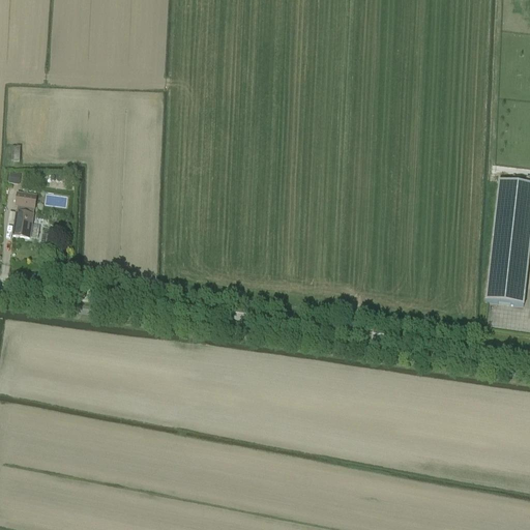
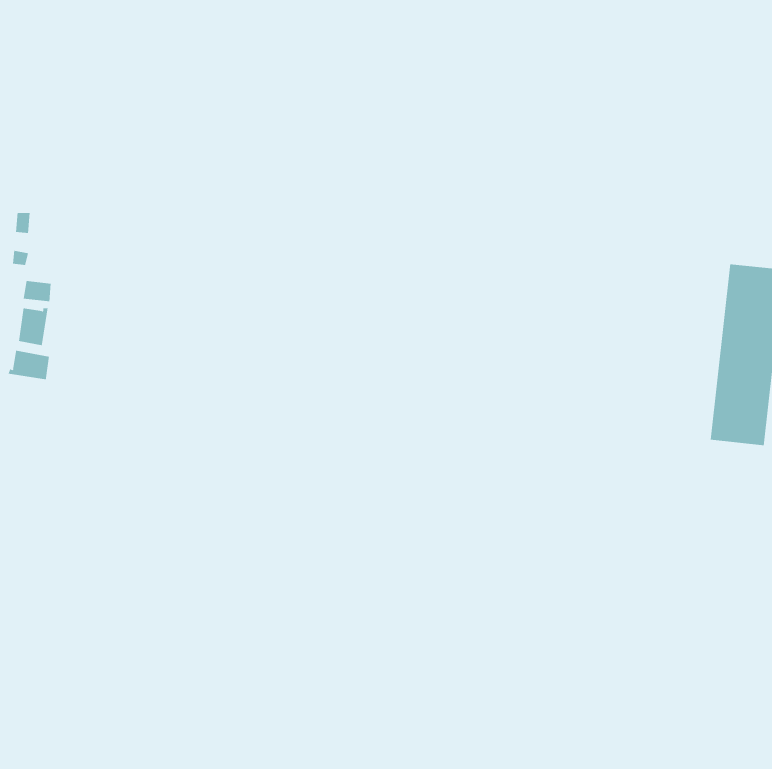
building: none -> [8,350,49,380]

